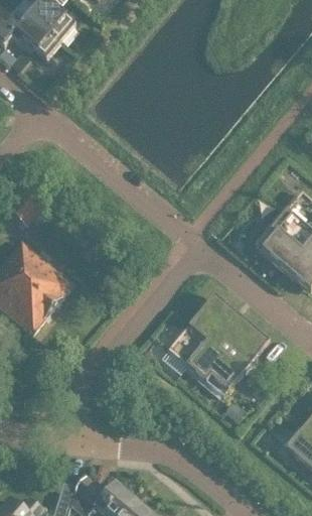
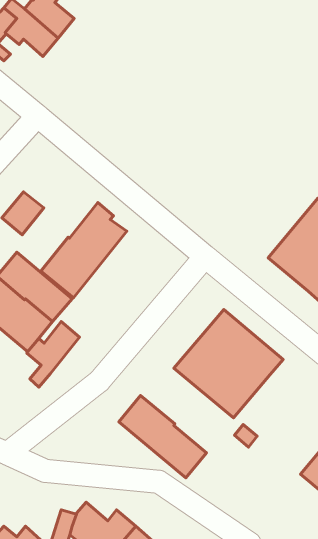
building: none -> [41,202,127,298]
building: none -> [27,322,80,387]
building: none -> [119,395,207,478]

